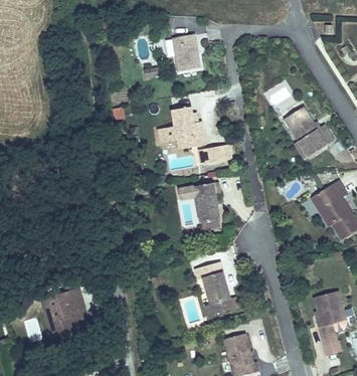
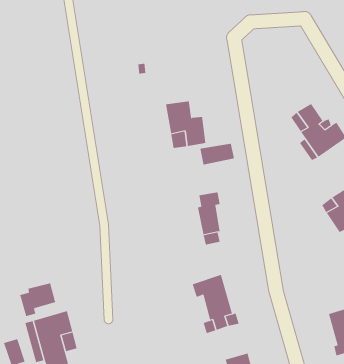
building: [171,36,198,76] -> none
building: [264,84,295,115] -> none
building: none -> [19,282,56,317]

